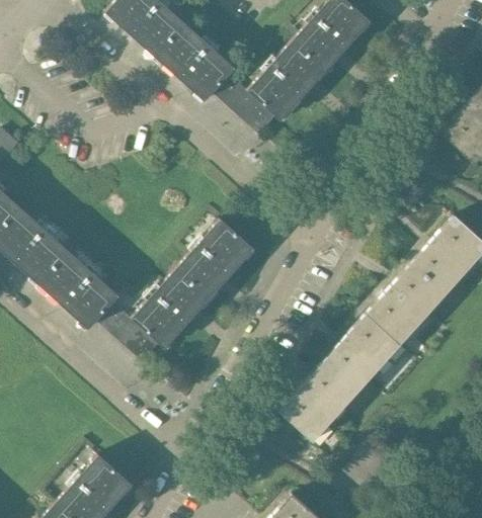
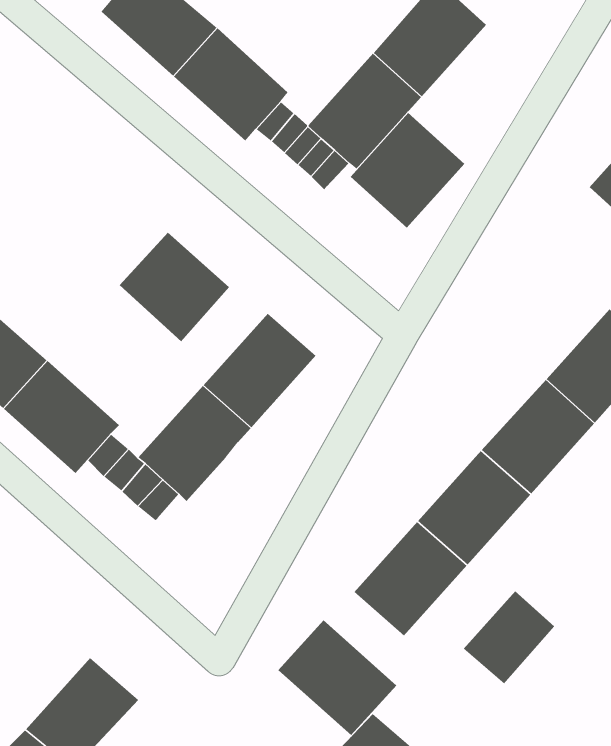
building: none -> [350,112,465,229]
building: none -> [119,232,230,342]
building: none -> [463,591,555,684]
building: none -> [278,620,397,736]

